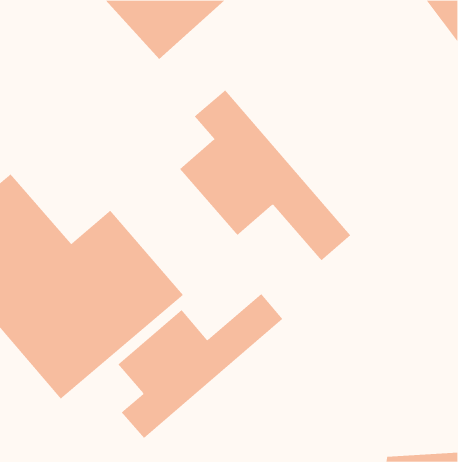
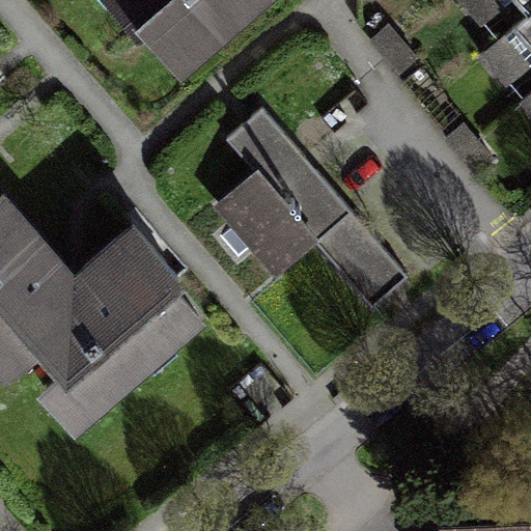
building: [118,293,283,439] -> none

